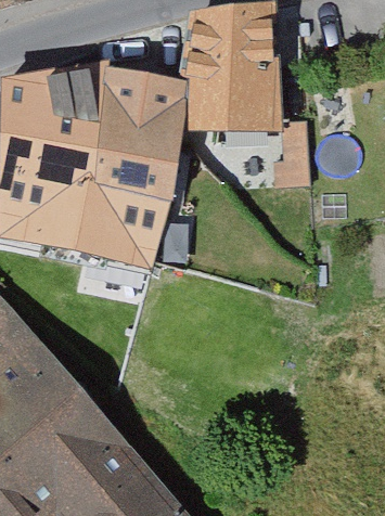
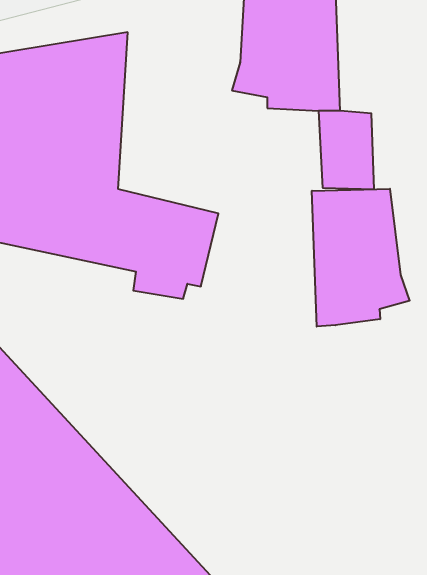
building: [103,64,201,209] -> none
building: none -> [312,189,410,327]

